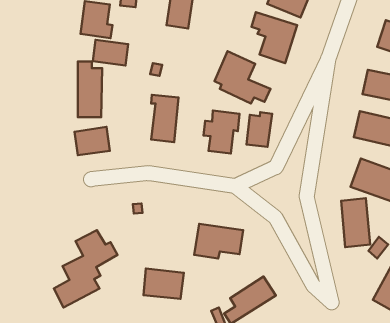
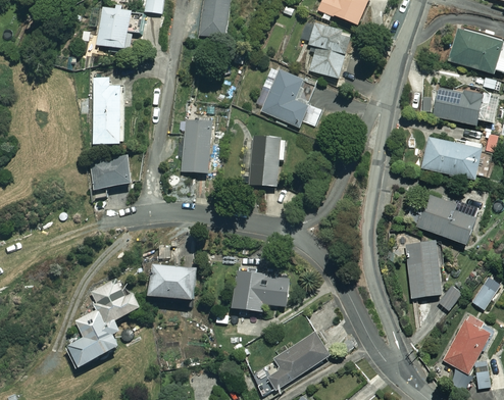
building: [93,40,128,65] -> none
building: [246,112,272,147] -> none
building: [143,269,184,299] -> [149,264,197,300]

